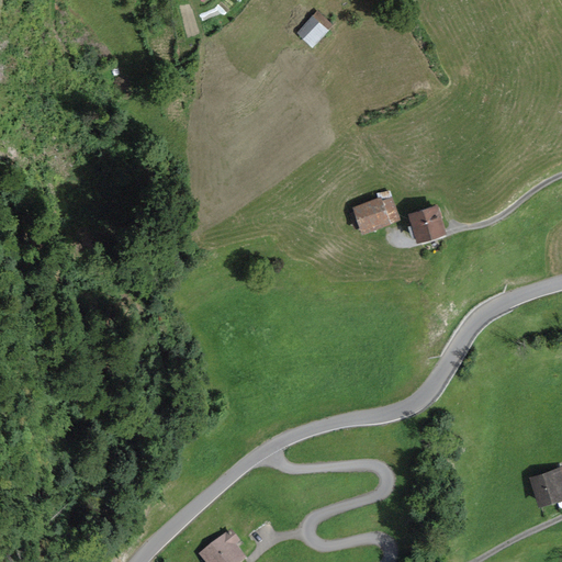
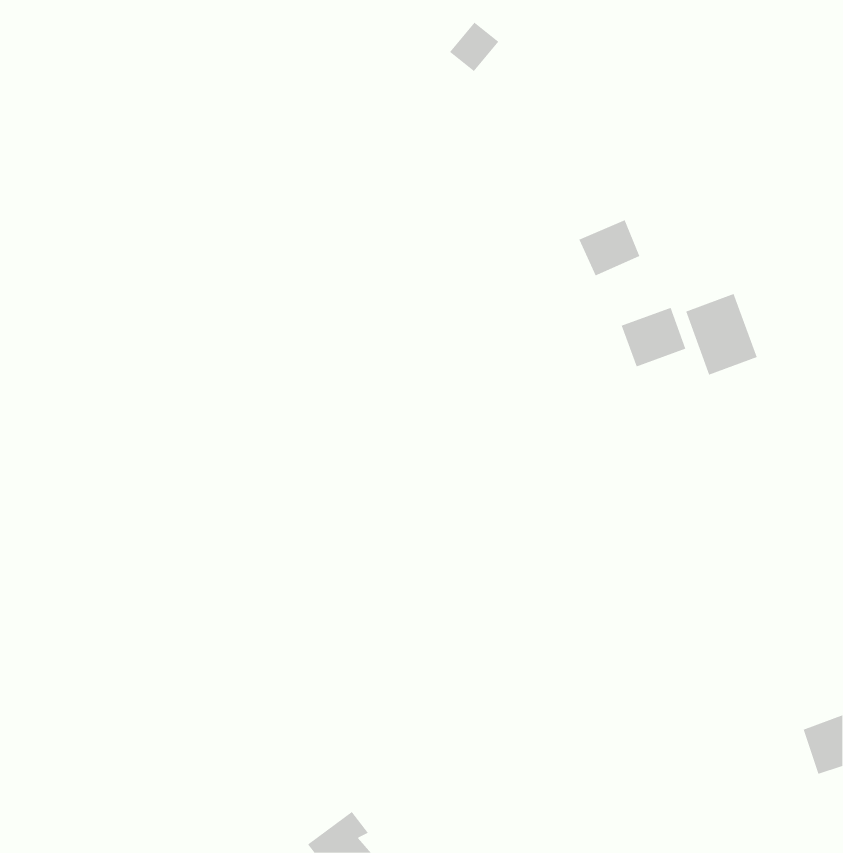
building: none -> [685,293,757,376]
building: [352,194,393,232] -> [578,219,640,276]

